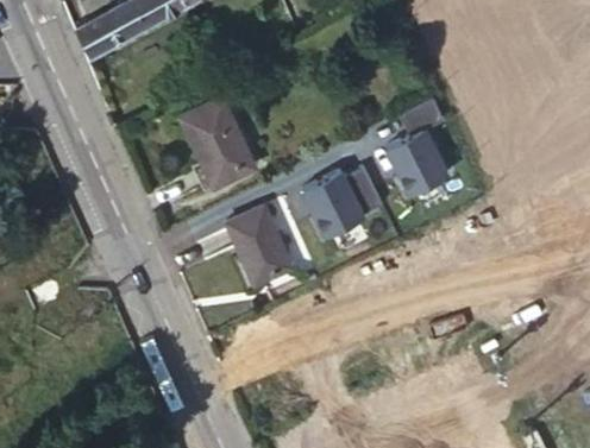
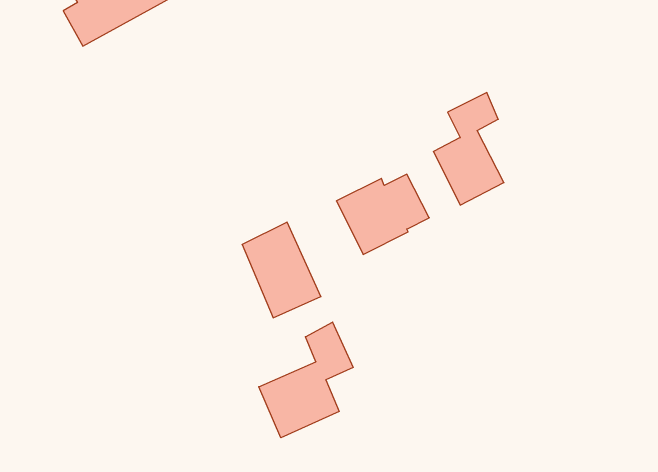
building: [178,97,256,190] -> none
building: none -> [259,322,353,438]

